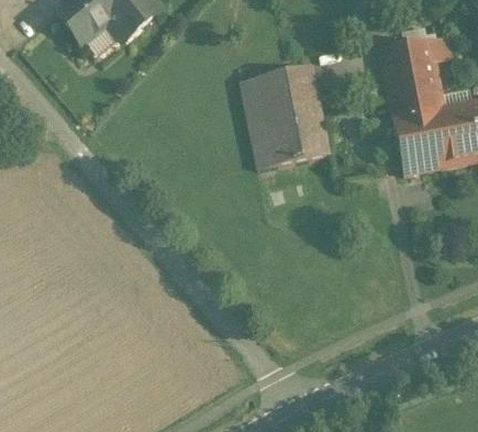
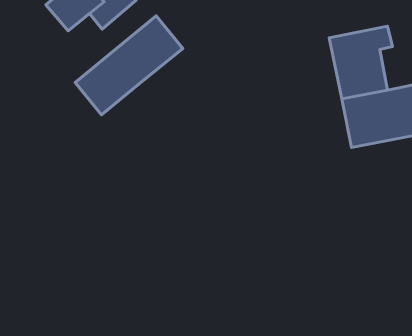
building: none -> [75,16,183,115]
building: [245,70,326,168] -> none

